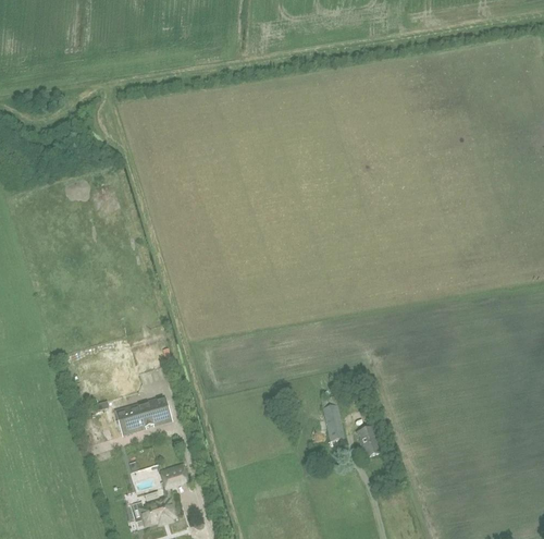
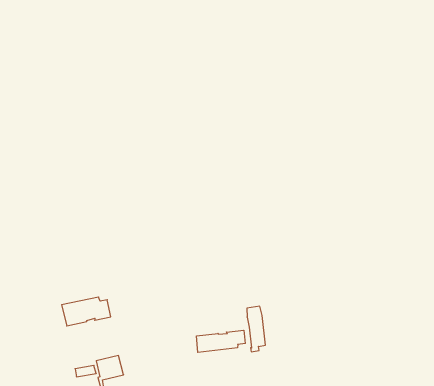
building: none -> [197,330,245,352]
building: [356,422,380,454] -> none

